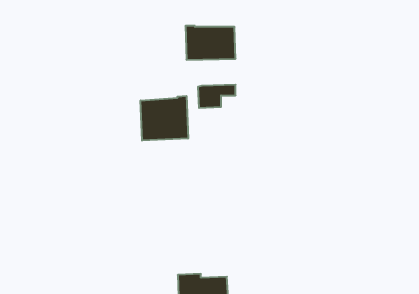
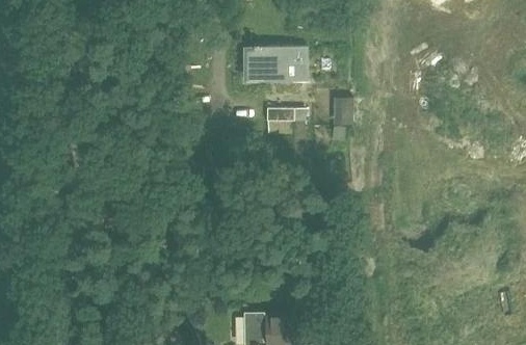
building: none -> [333,98,353,125]
building: [141,96,188,141] -> none

